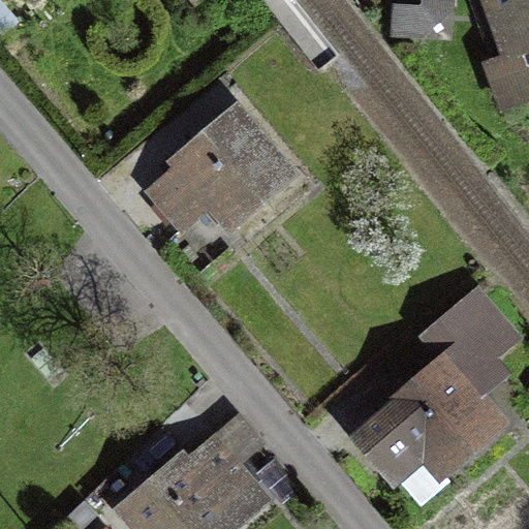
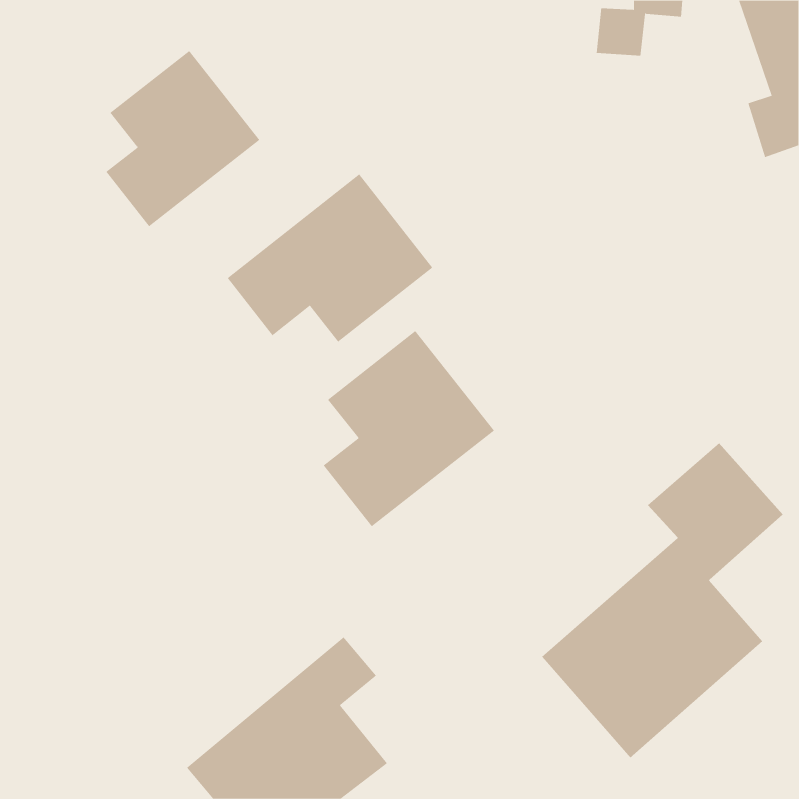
building: none -> [105,50,260,227]
building: none -> [323,330,495,527]

